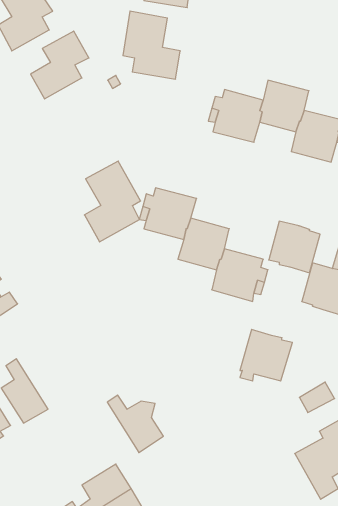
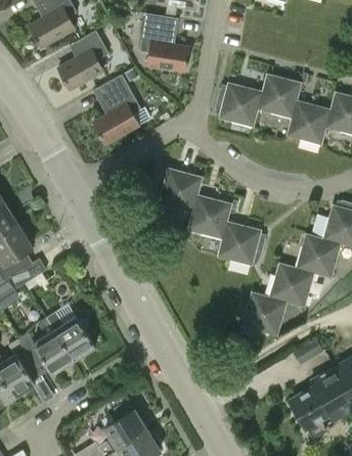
building: [84,161,141,242] -> [92,75,141,145]
building: [269,221,320,273] -> [269,263,314,308]
building: [107,395,163,453] -> [46,311,95,361]

